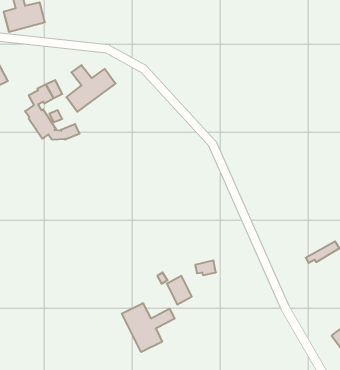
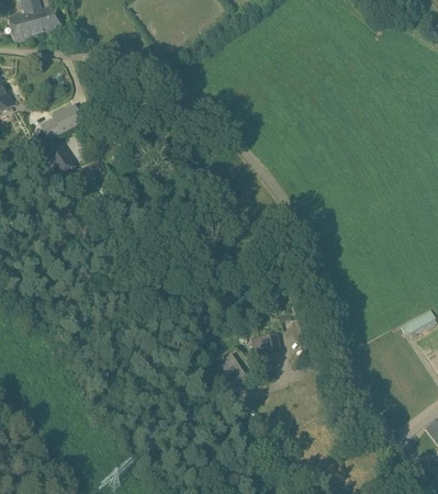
building: [66,65,116,112] -> none
building: [122,303,175,352] -> none

